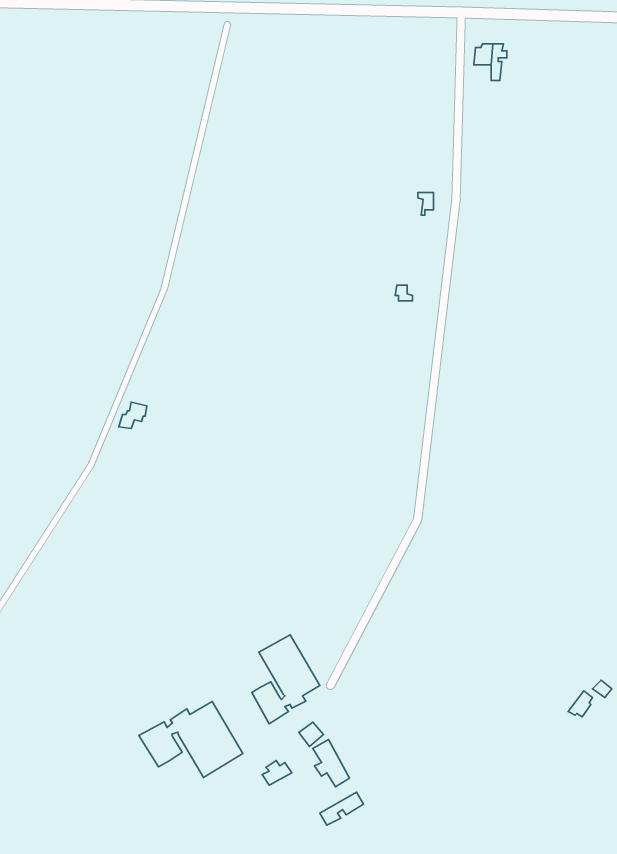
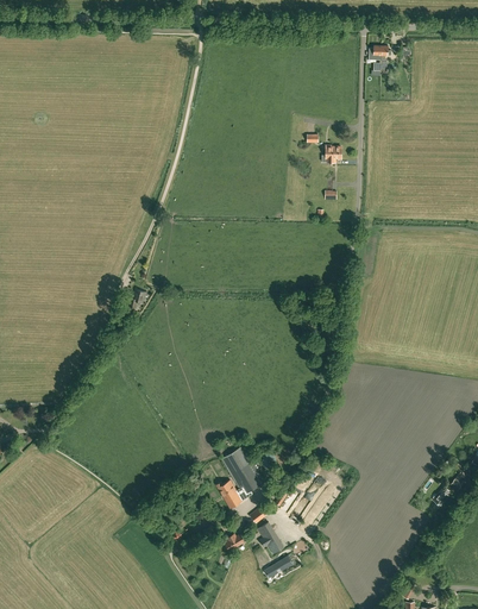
building: [139,702,243,778] -> none

